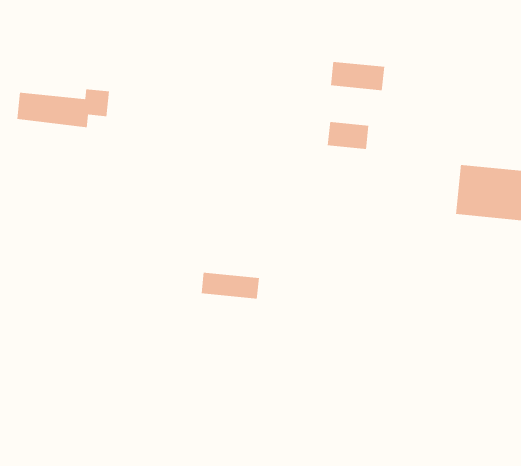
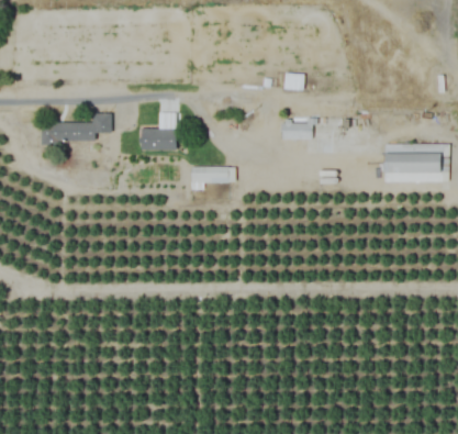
building: none -> [142,116,176,149]
building: [201,272,260,299] -> [191,166,235,182]

